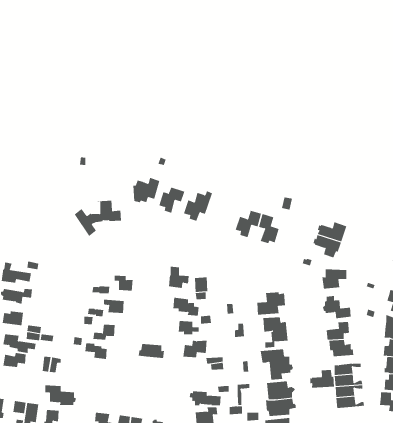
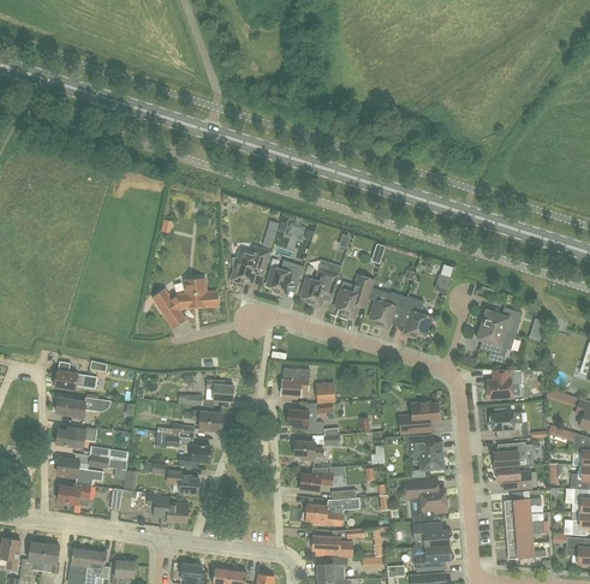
building: none -> [335,274,374,317]
building: [138,344,165,359] -> [302,503,338,524]
building: [310,369,335,388] -> none
building: [45,385,77,405] -> [147,494,190,522]

